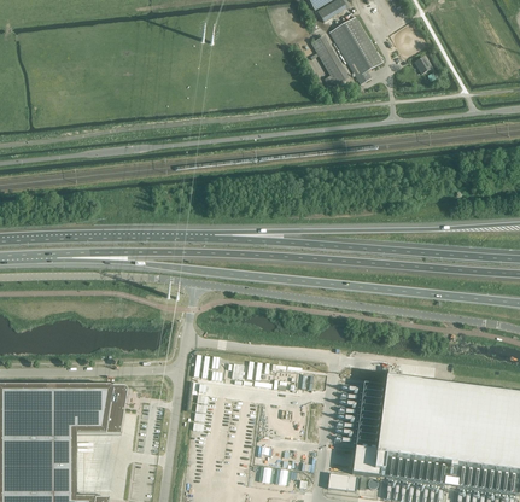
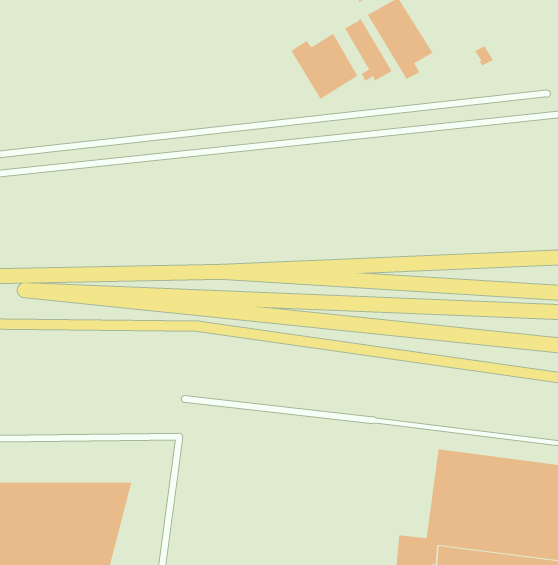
building: none -> [291,33,358,100]

